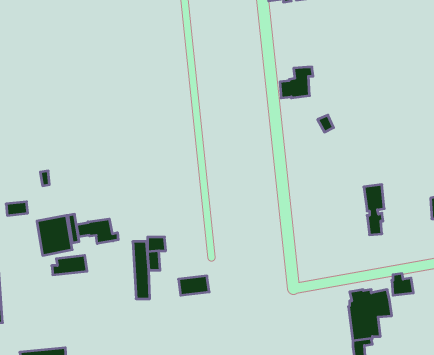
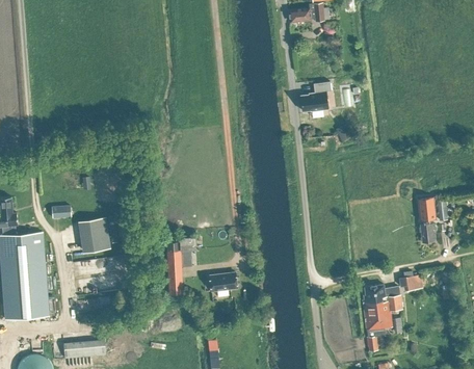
building: [364,185,384,235] -> [417,197,436,243]
building: [76,219,118,244] -> none

